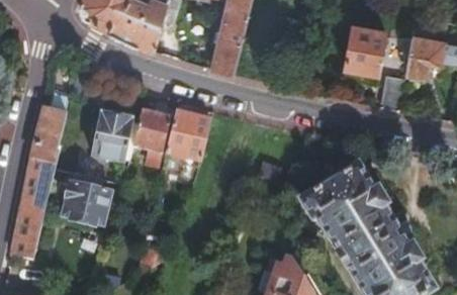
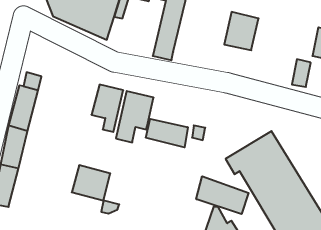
building: [342,23,384,71] -> [224,12,259,50]
building: [91,110,131,161] -> none
building: none -> [146,119,188,147]
building: [62,180,109,223] -> [72,165,110,200]
building: none -> [196,176,249,214]

